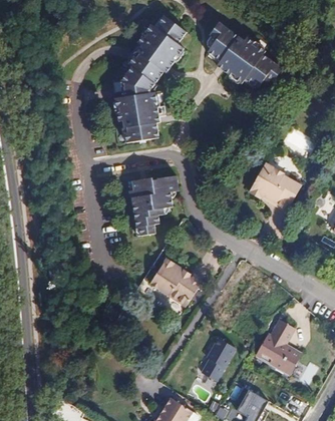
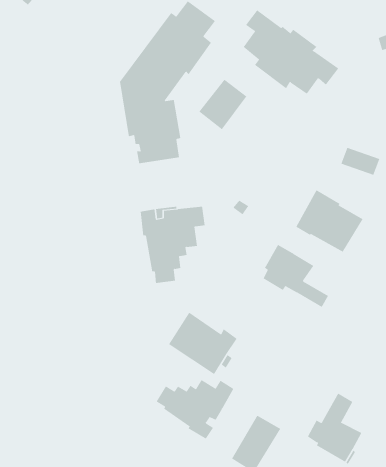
building: none -> [198,79,247,130]
building: none -> [263,244,329,308]
building: none -> [156,379,234,439]

